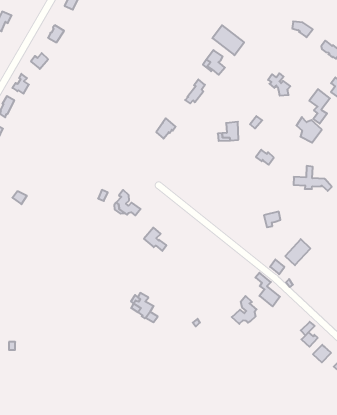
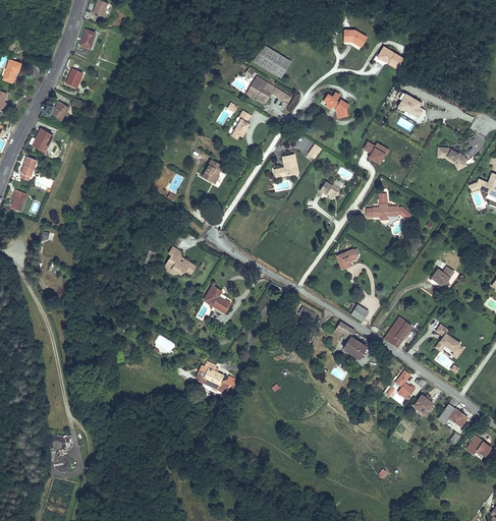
building: [309,89,330,124] -> none
building: [285,239,310,265] -> [384,316,411,347]
building: [232,296,257,324] -> none

